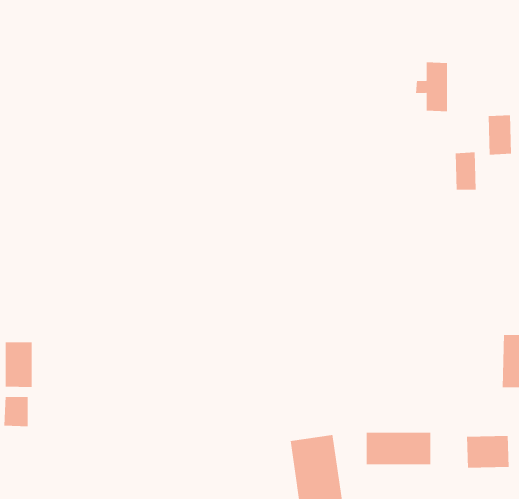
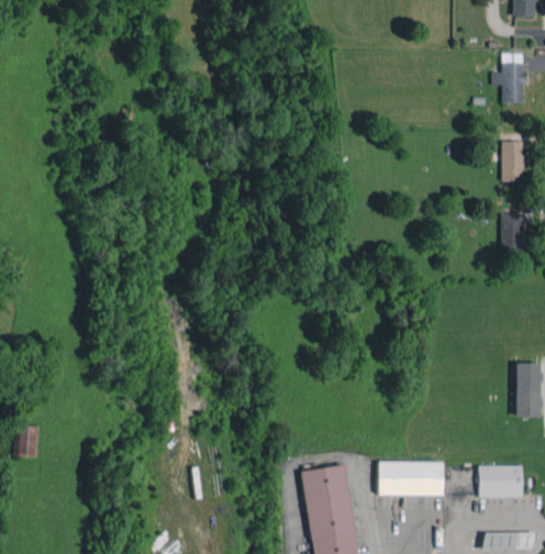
building: [415,62,448,112] -> [491,53,524,103]
building: [455,152,477,190] -> [501,213,523,252]
building: [5,342,32,388] -> none

